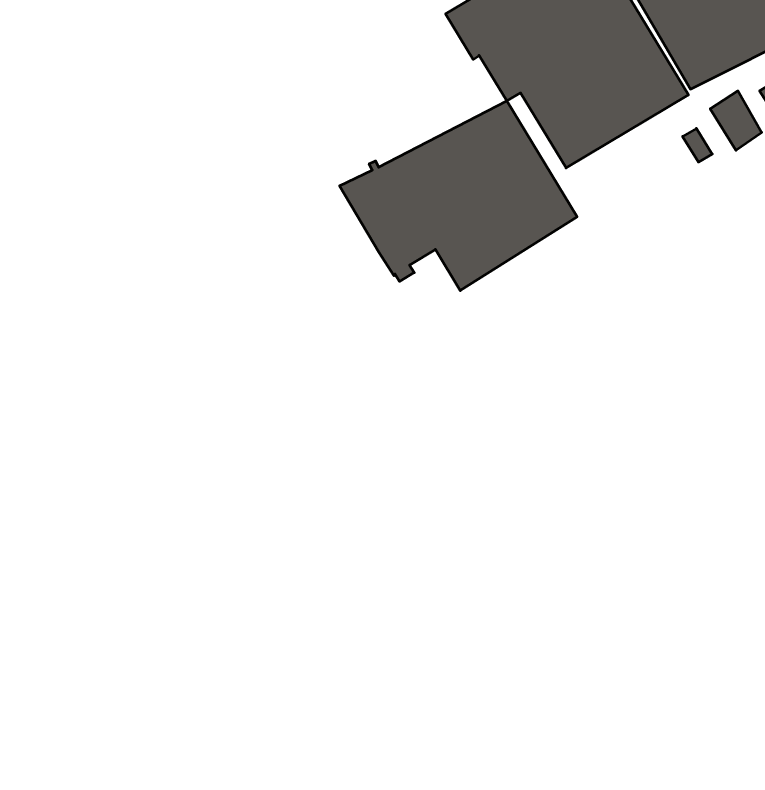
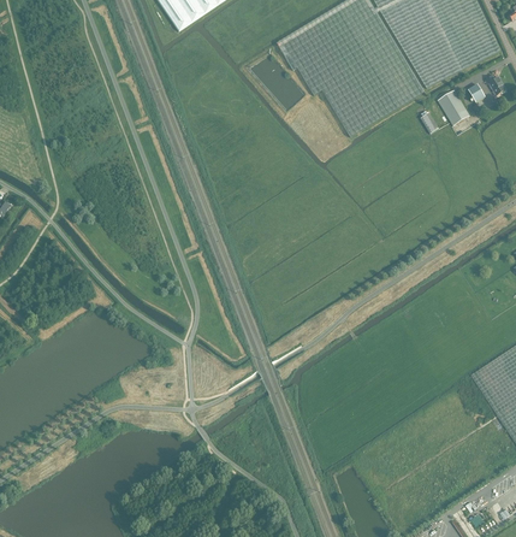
building: [340,101,577,291] -> none

